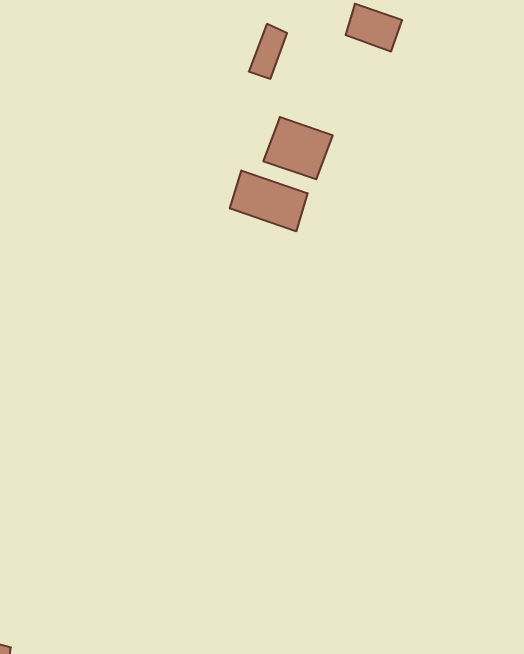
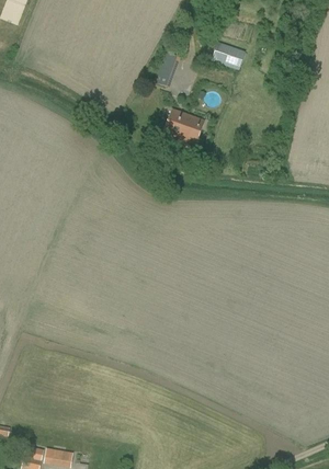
building: [230,170,308,231] -> none

